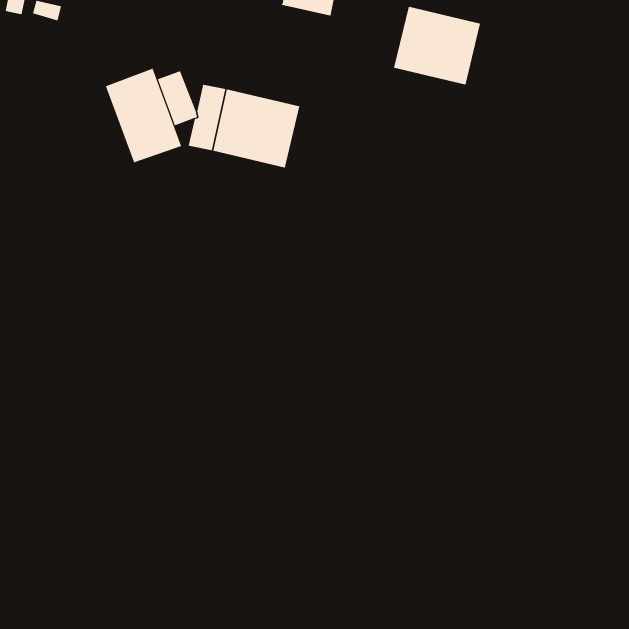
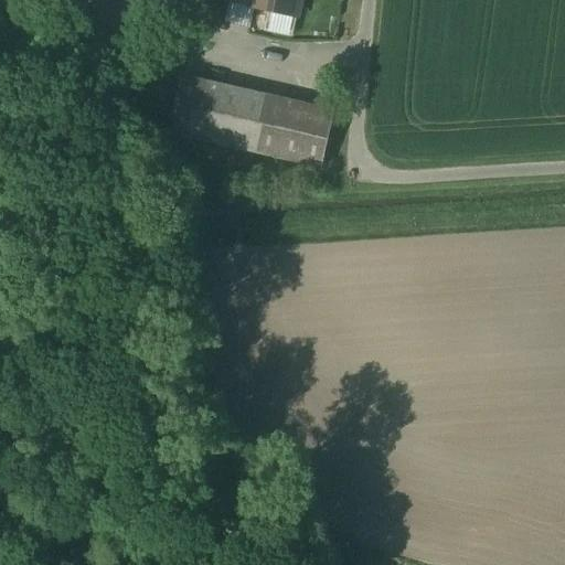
building: [393,6,481,85] -> [257,95,335,166]
building: [105,68,182,163] -> none

